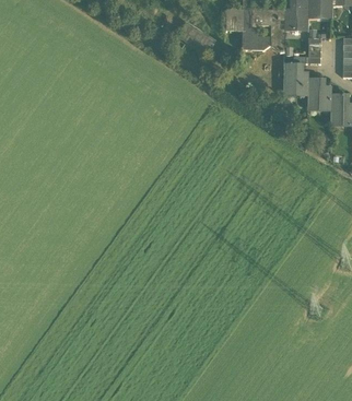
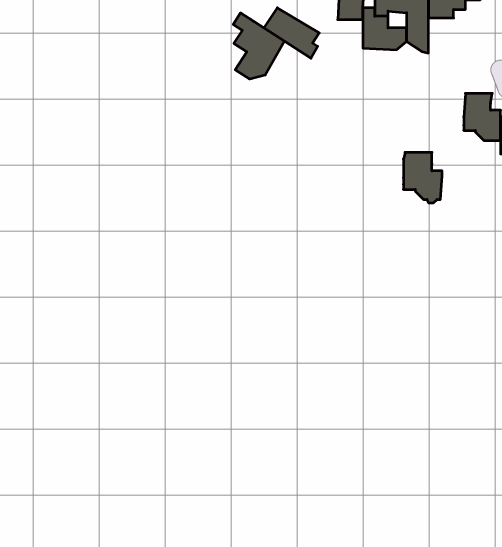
building: none -> [233,13,284,79]
building: [281,62,306,95] -> [403,152,442,203]

